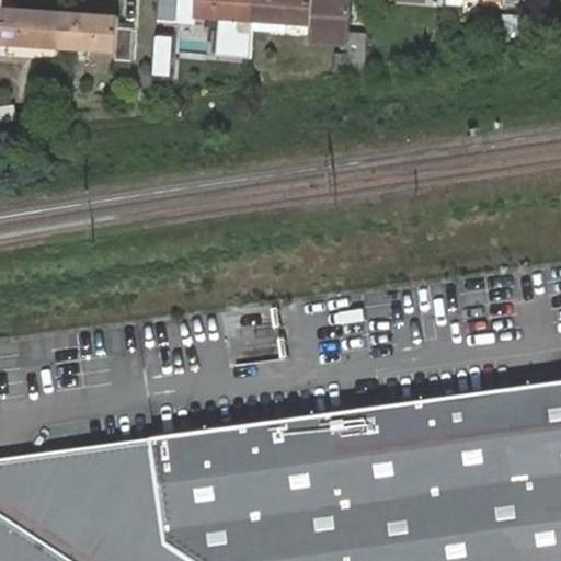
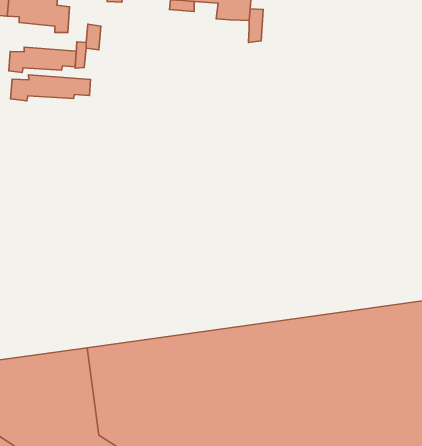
building: none -> [9,47,76,73]
building: none -> [11,75,90,101]

